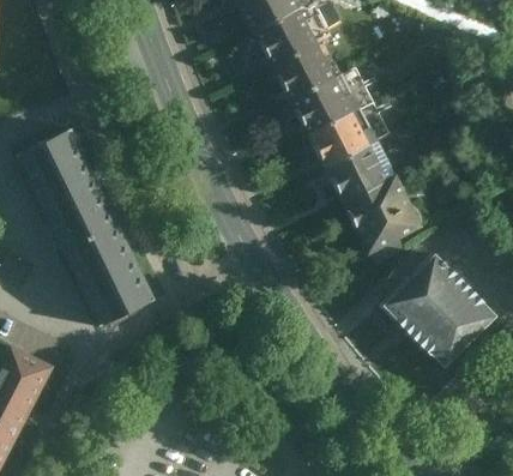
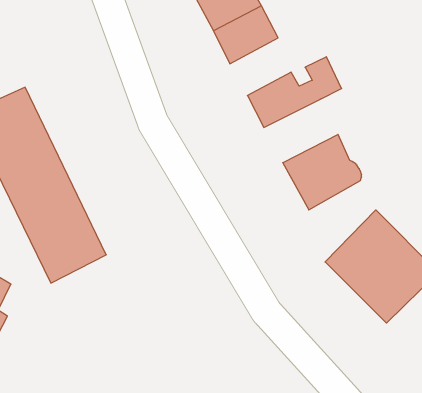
building: [285,72,360,135] -> none
building: [320,139,396,204] -> none

